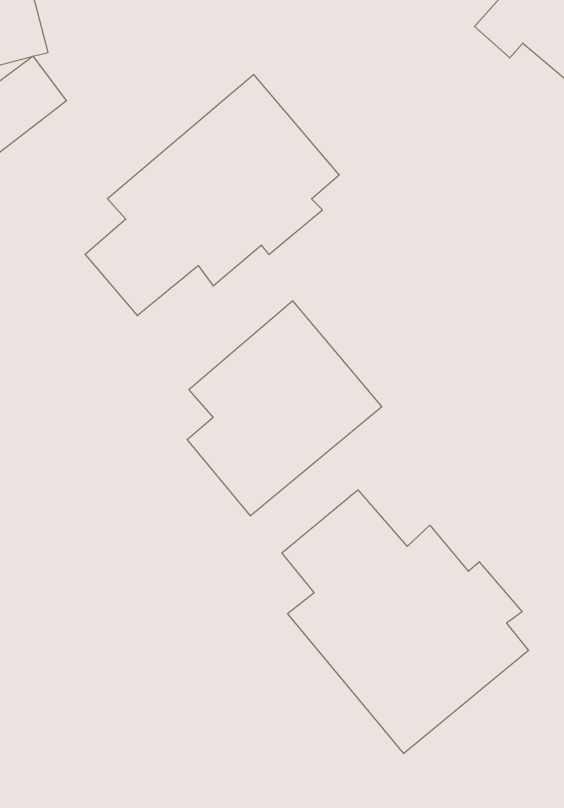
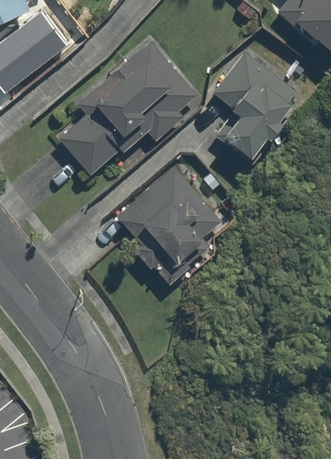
building: none -> [204,45,310,162]
building: [282,490,528,754] -> none

